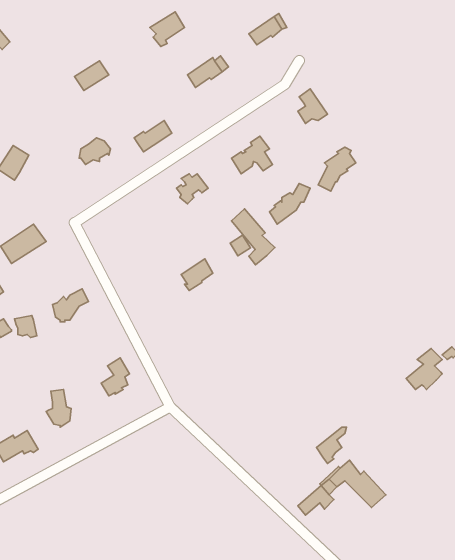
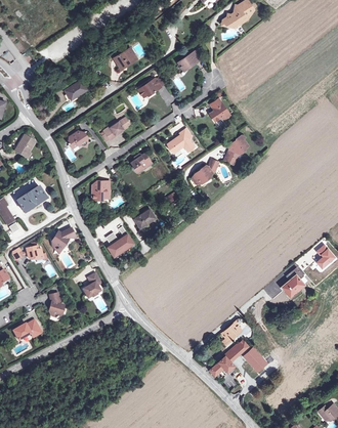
building: none -> [91,175,109,200]
building: [232,209,275,265] -> none
building: none -> [105,226,133,257]

